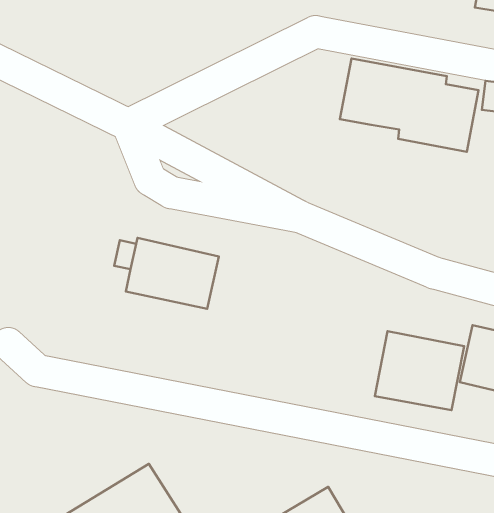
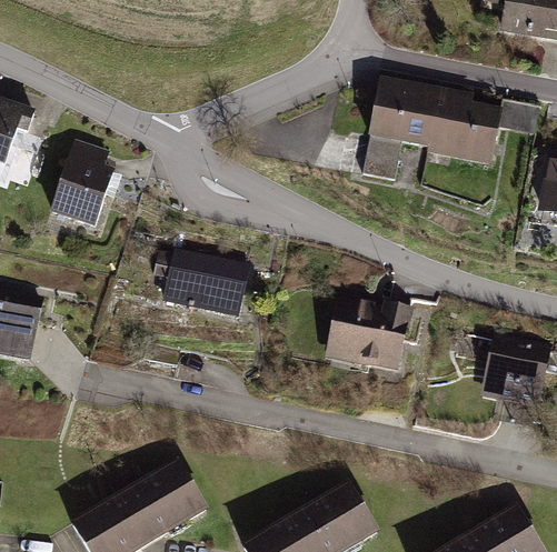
building: none -> [359,136,397,180]
building: none -> [50,140,117,225]
building: [375,331,464,410] -> [321,294,407,370]

